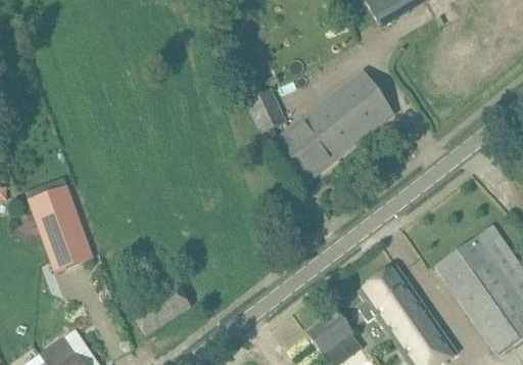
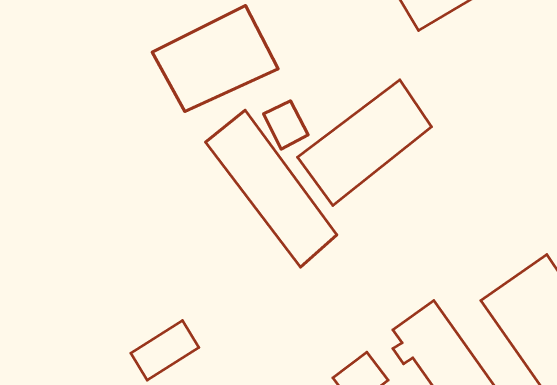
building: none -> [152,6,278,112]
building: none -> [205,110,337,267]
building: [26,184,91,270] -> none

